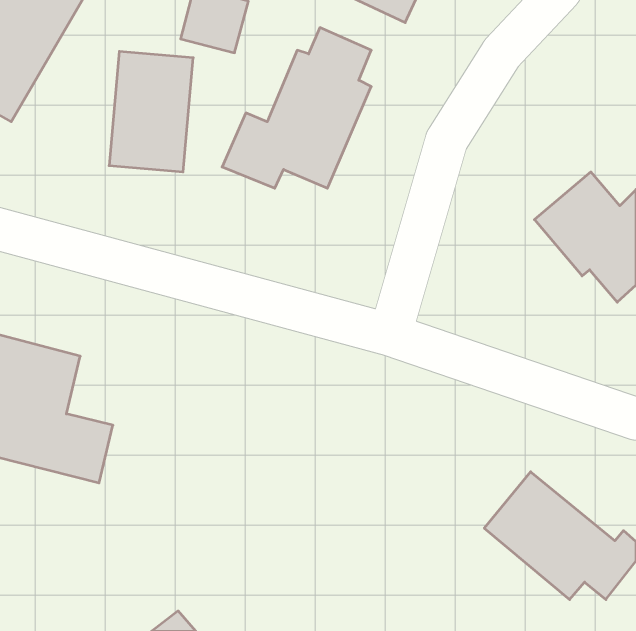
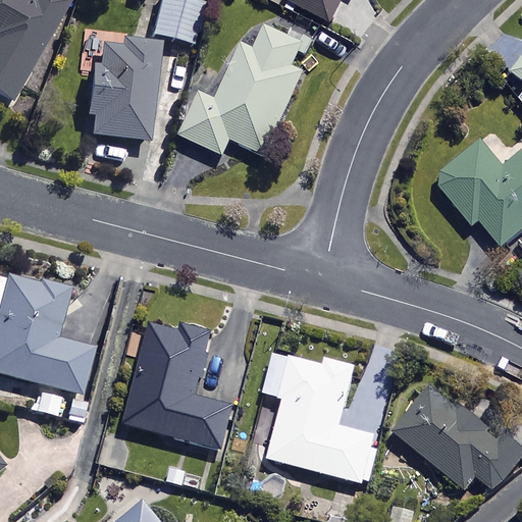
building: none -> [124,323,231,448]
building: none -> [268,355,377,482]

